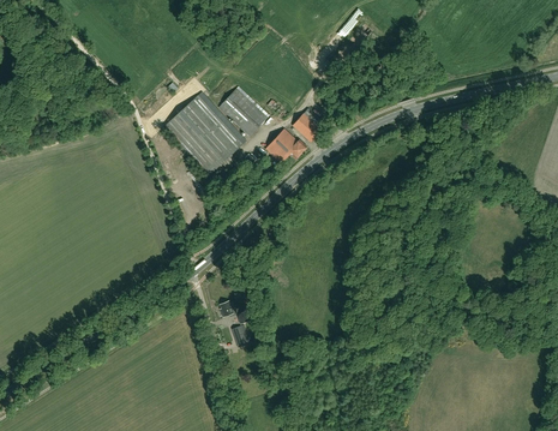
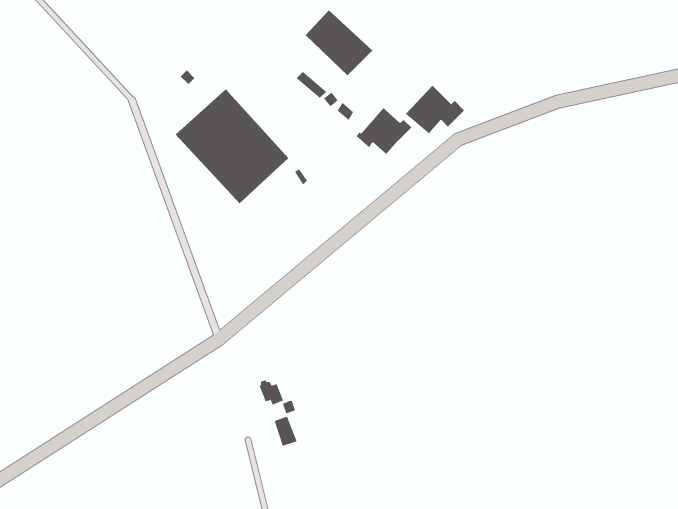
building: [220,88,268,134] -> [305,10,373,76]
building: [265,127,307,162] -> [405,85,465,134]

